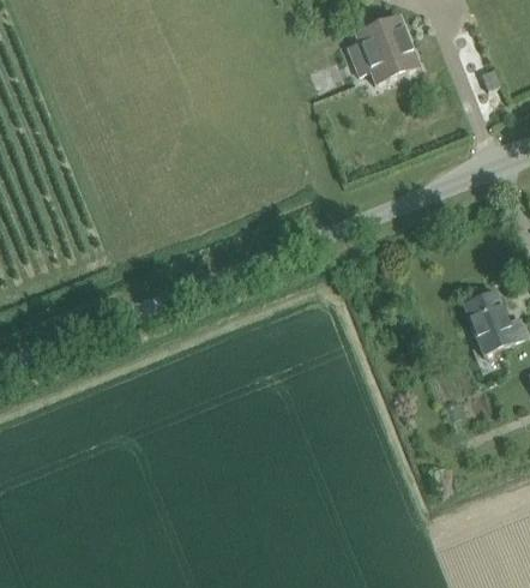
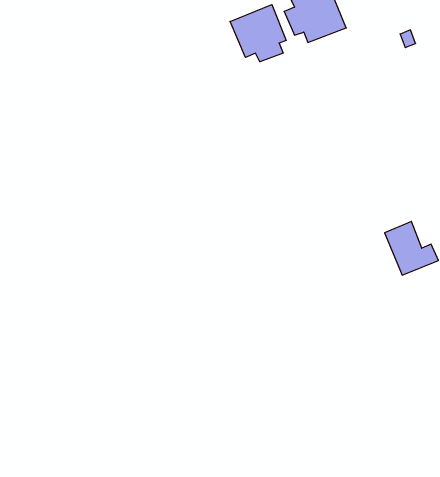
building: none -> [230,5,286,62]

